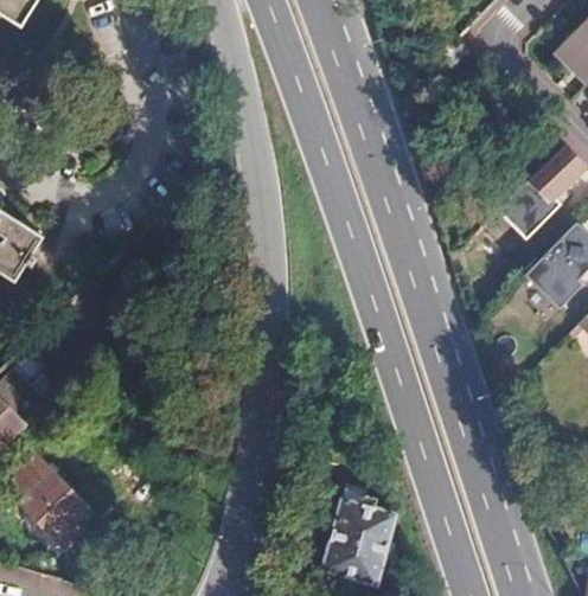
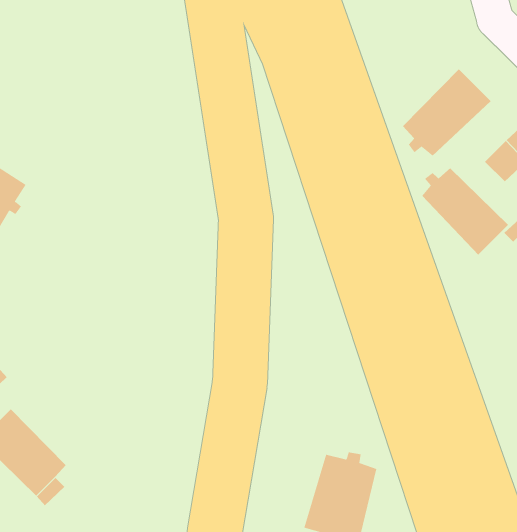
building: none -> [402,69,491,157]
building: none -> [421,167,509,255]

